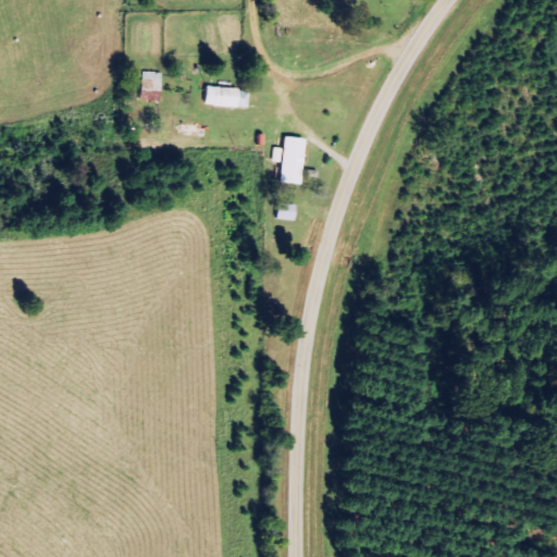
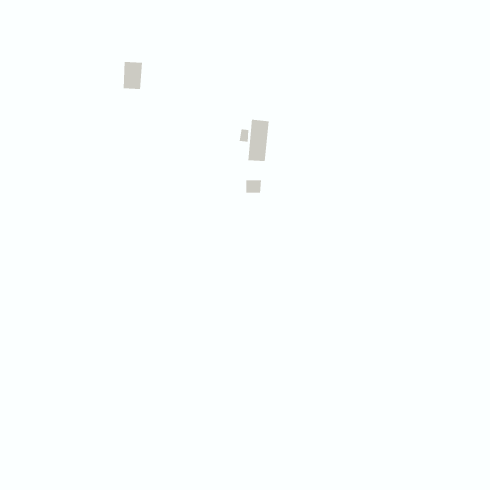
building: [206,86,249,107] -> none

